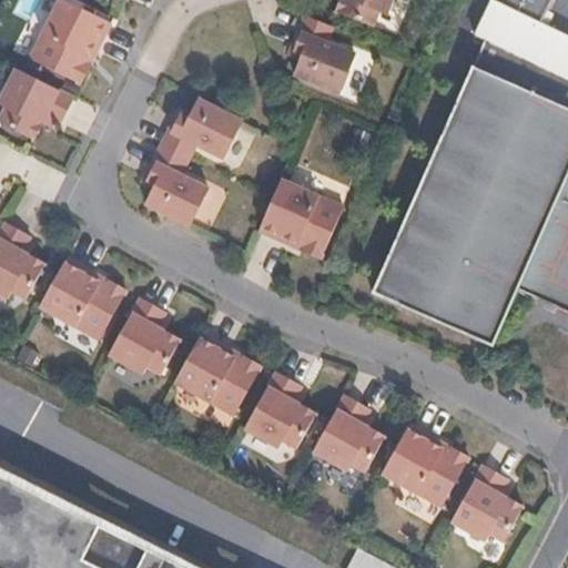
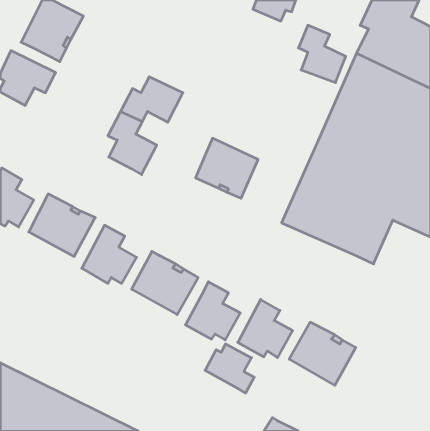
building: [291,13,353,89] -> [298,25,346,83]
building: none -> [205,344,254,393]
building: [452,465,524,541] -> none

